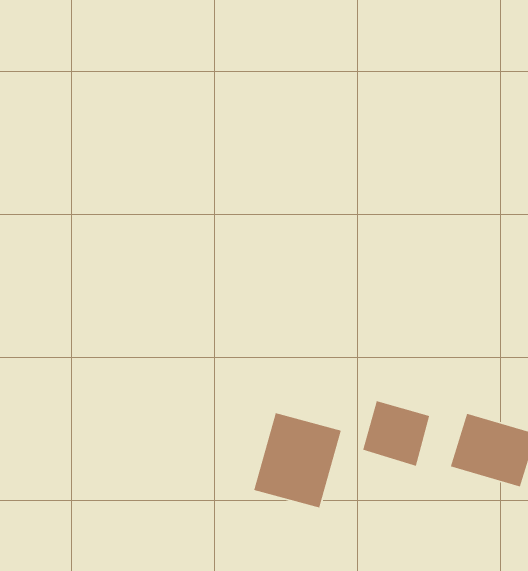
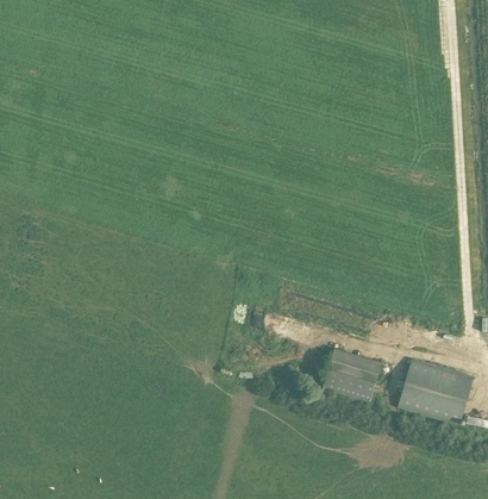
building: [253,412,342,509] -> none

